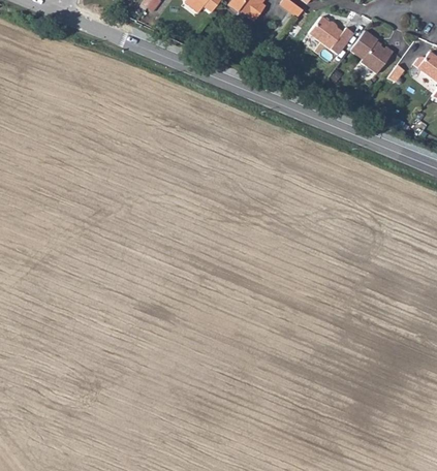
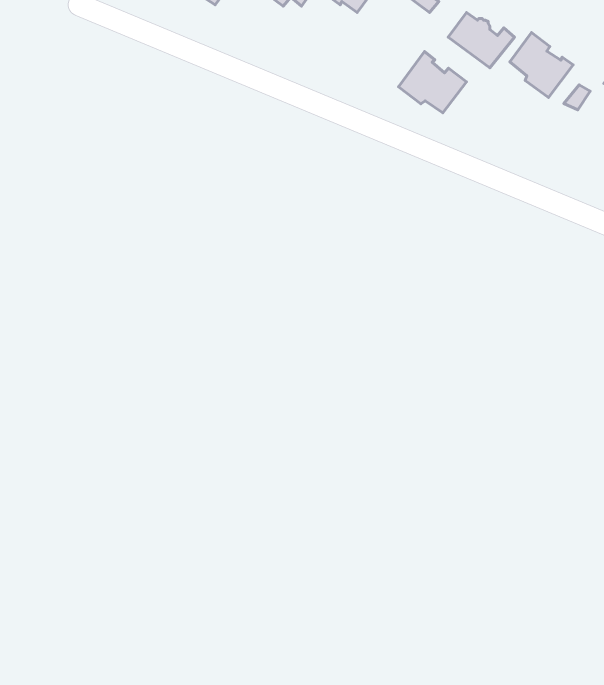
building: none -> [399,52,466,113]

